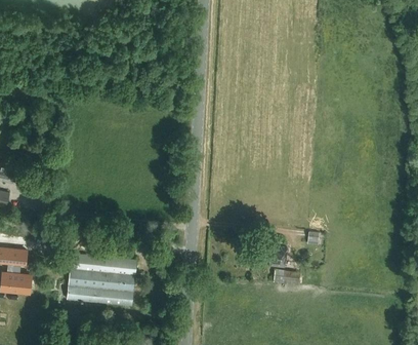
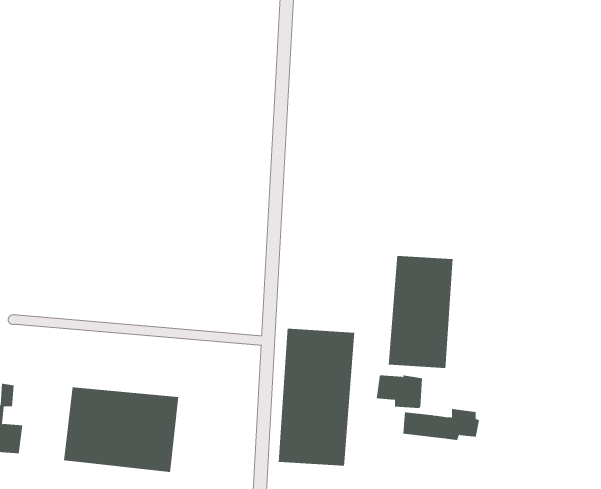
building: none -> [388,255,453,369]
building: none -> [278,328,355,466]

